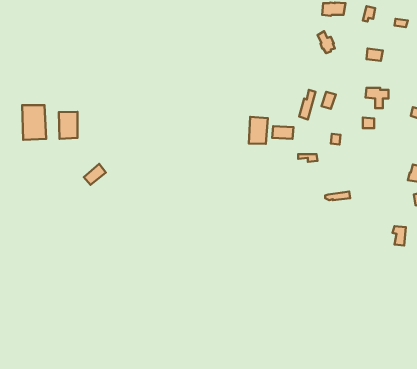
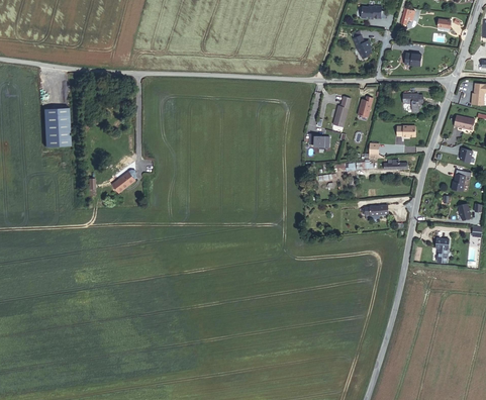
building: [59,112,78,139] -> none
building: [249,117,268,144] -> none

